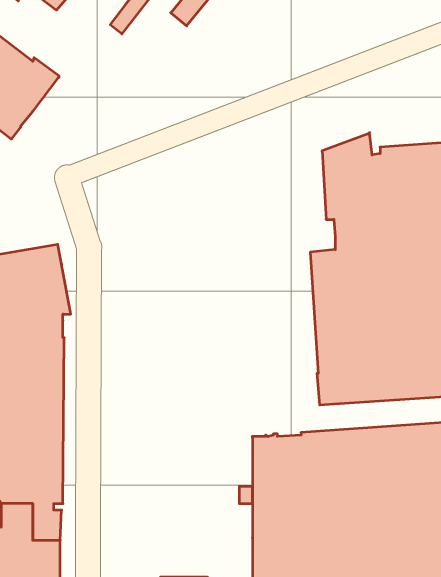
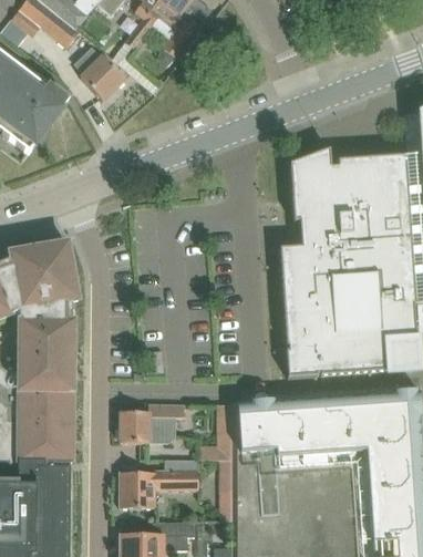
building: none -> [75,47,126,100]
building: none -> [122,403,186,442]
building: none -> [121,458,199,507]

